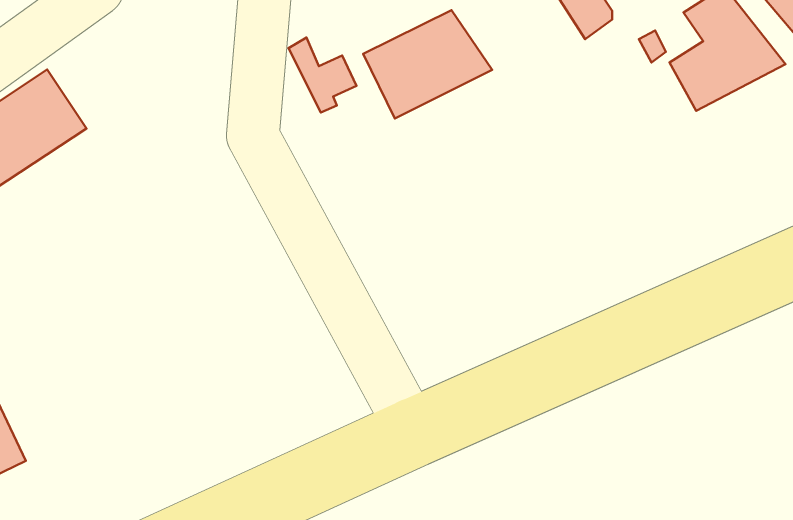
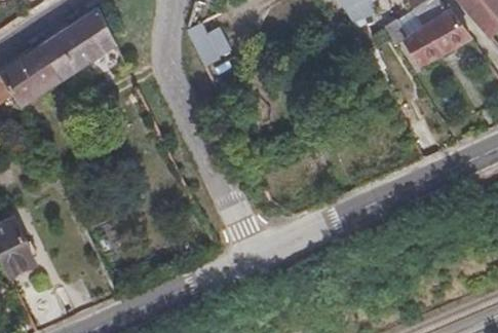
building: [363,10,492,119] -> none
building: none -> [47,6,116,74]

